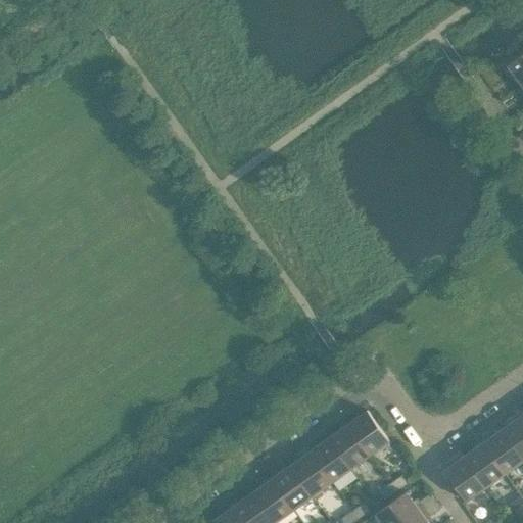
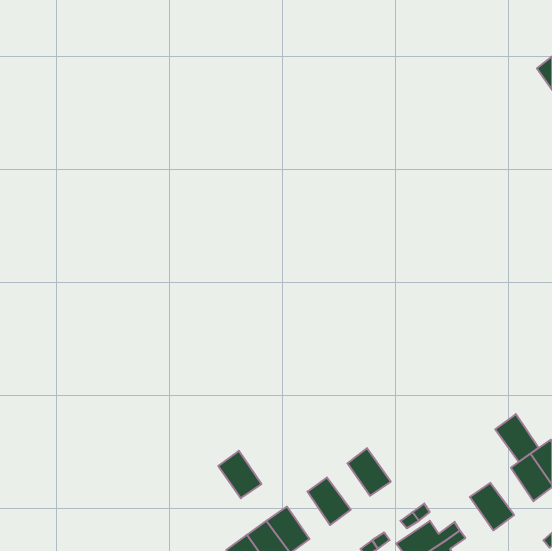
building: [346,412,388,457] -> none
building: [308,439,349,483] -> none
building: [463,443,504,488] -> [495,414,538,462]
building: [271,466,312,511] -> [218,451,261,498]

